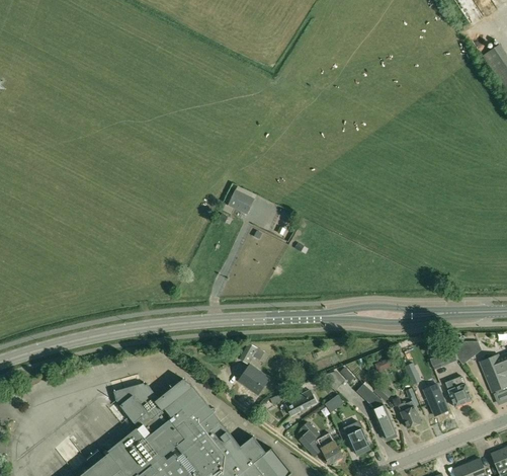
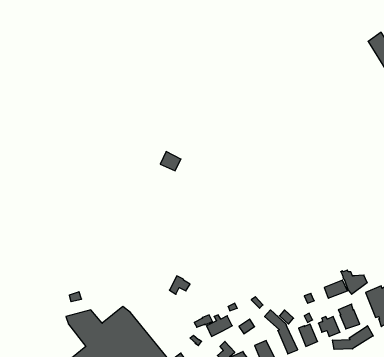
building: [239,366,269,395] -> none
building: none -> [333,326,373,349]

